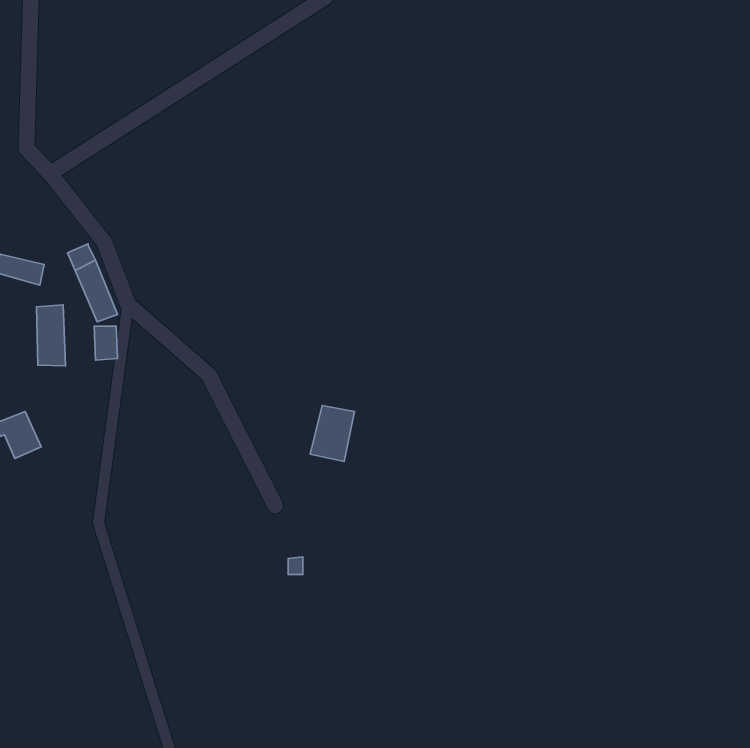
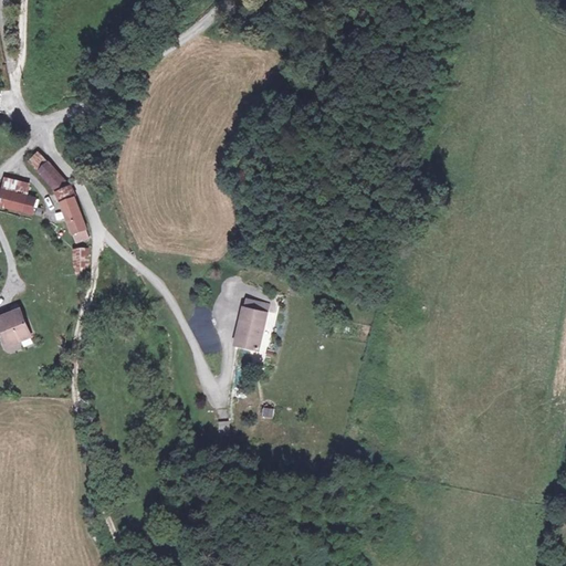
building: none -> [27,148,65,186]
building: [36,305,66,366] -> none

